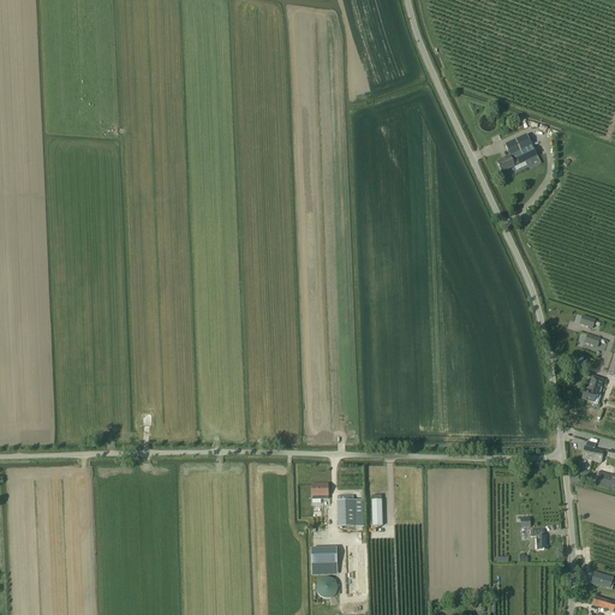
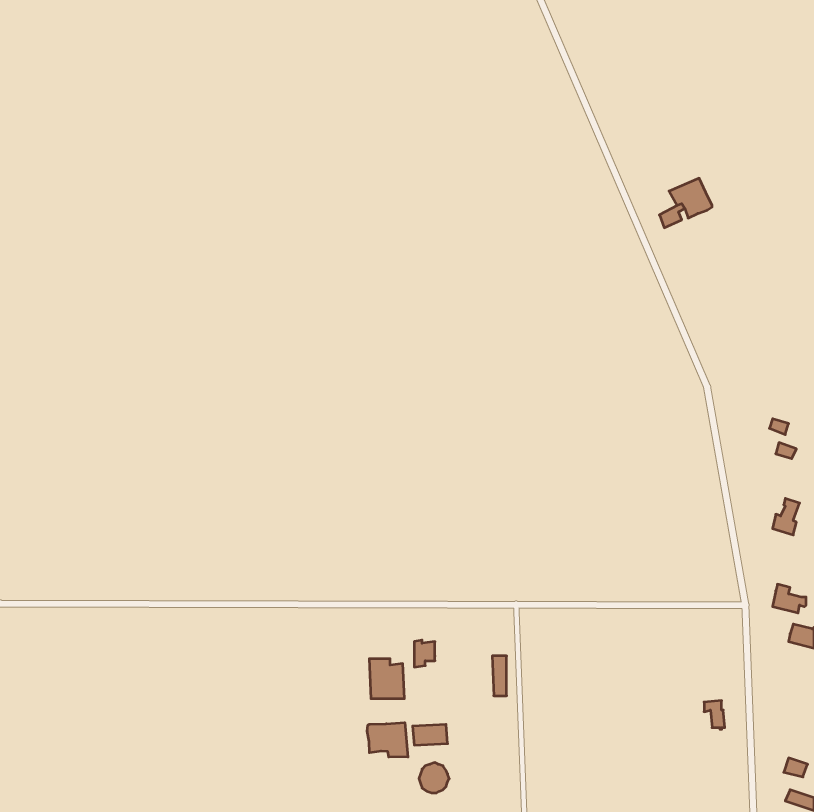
building: [338,496,364,526] -> [369,659,404,699]
building: none -> [367,723,408,757]

